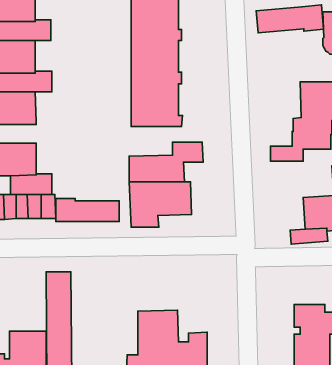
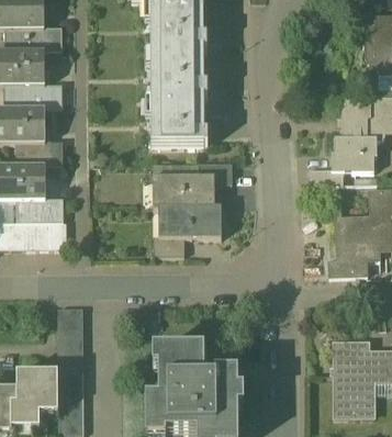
building: [256,5,324,33] -> none
building: none -> [15,139,63,164]
building: [56,199,119,221] -> none

